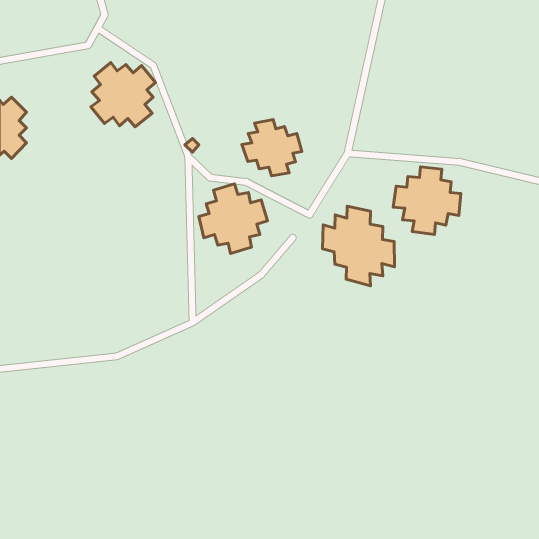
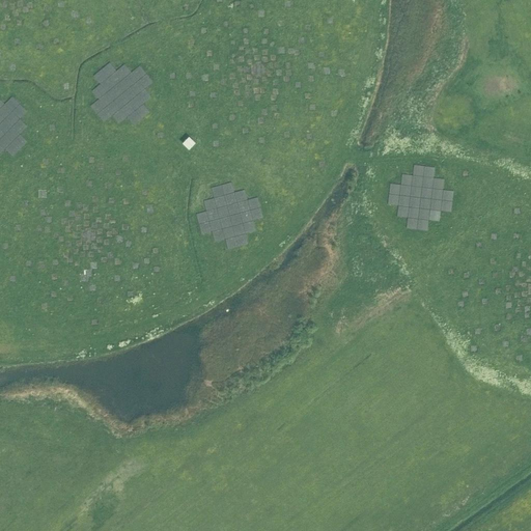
building: [242,119,302,176] -> none
building: [323,206,395,286] -> none

